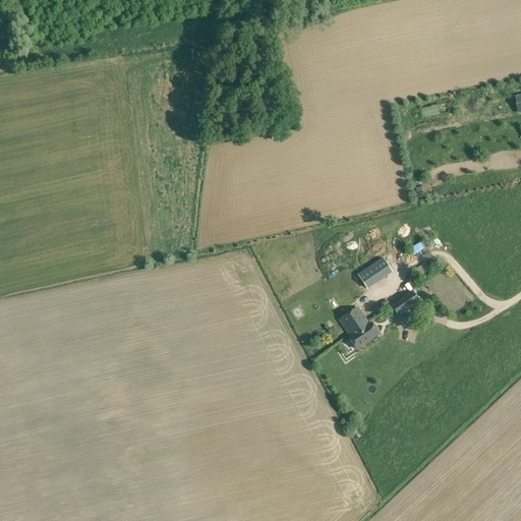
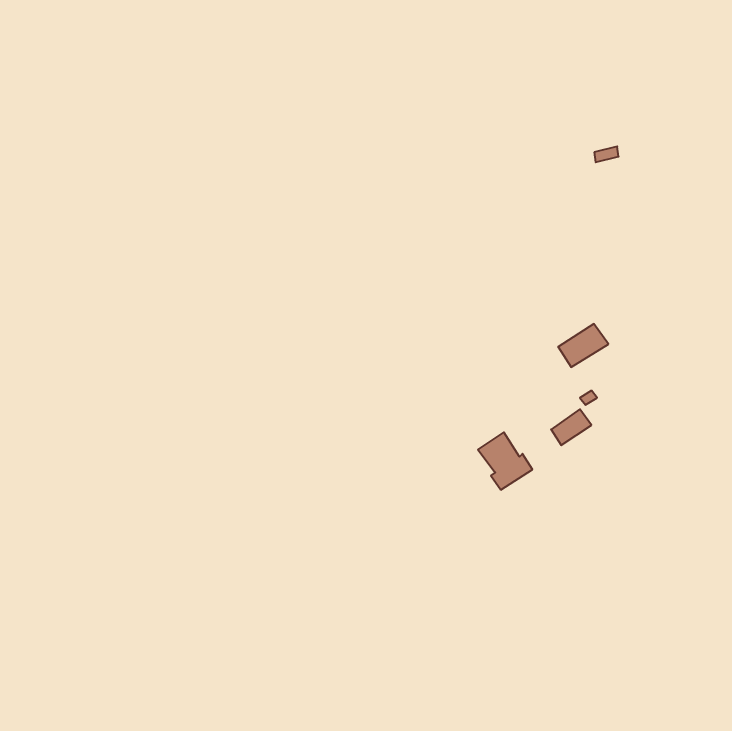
building: [357,257,393,288] -> [558,324,608,367]

